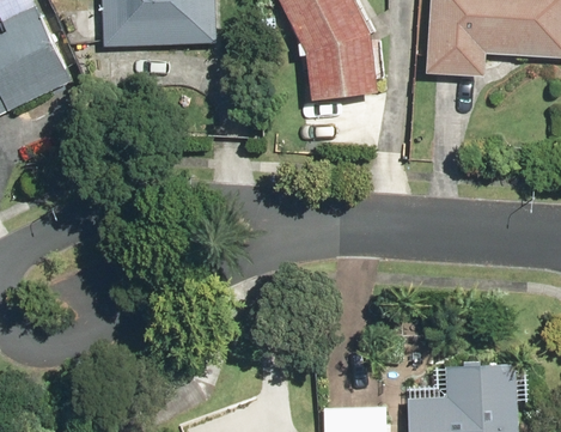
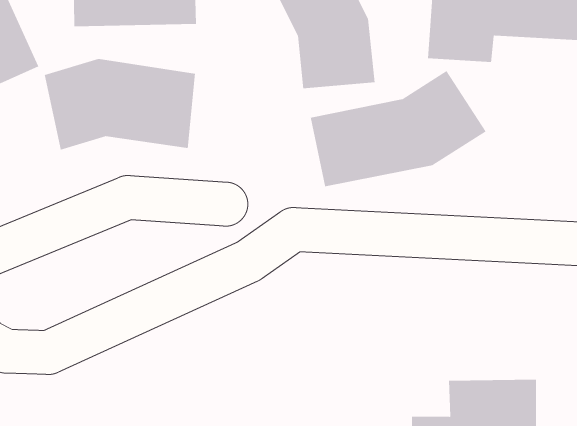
building: none -> [44,58,195,151]
building: none -> [310,70,486,187]

